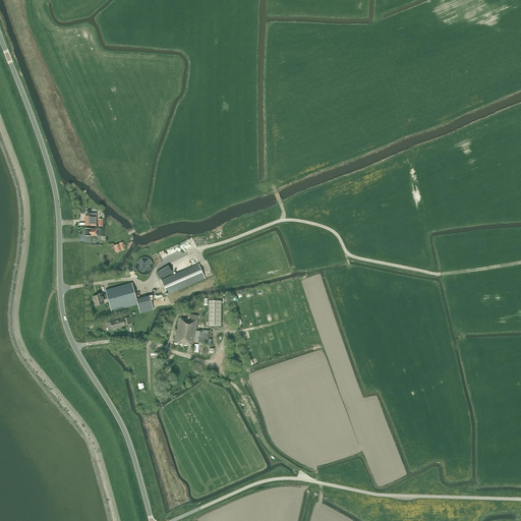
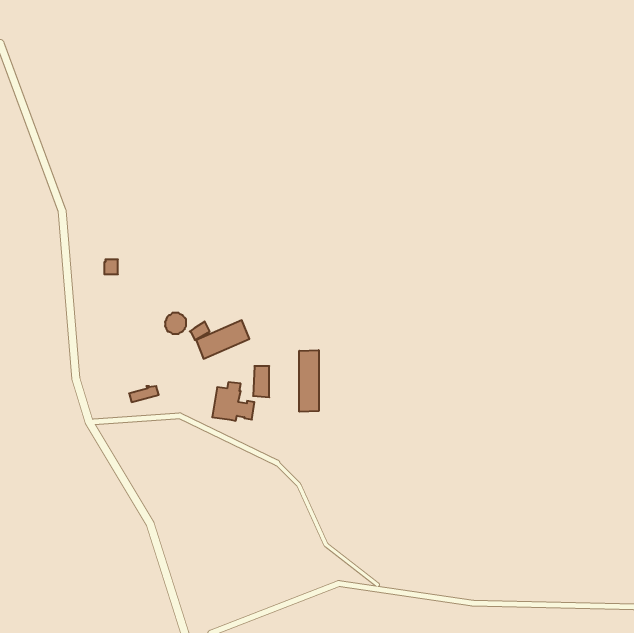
building: [93,282,153,312] -> none
building: none -> [299,350,319,412]

